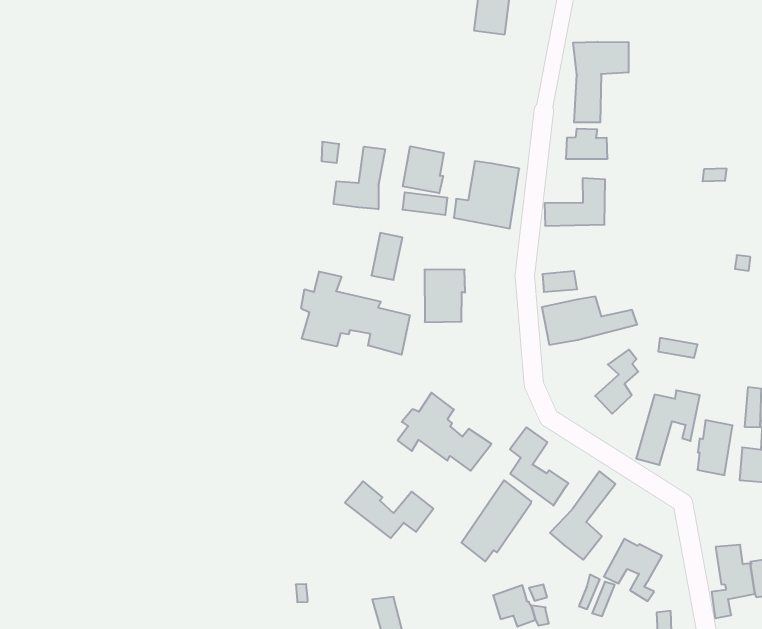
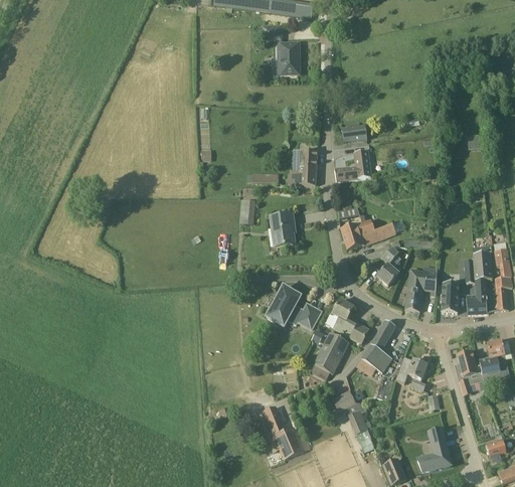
building: [573,42,628,122] -> none
building: [403,146,444,193] -> none
building: [334,147,385,209] -> none
building: [301,271,410,355] -> none
building: [345,481,433,538] -> none

